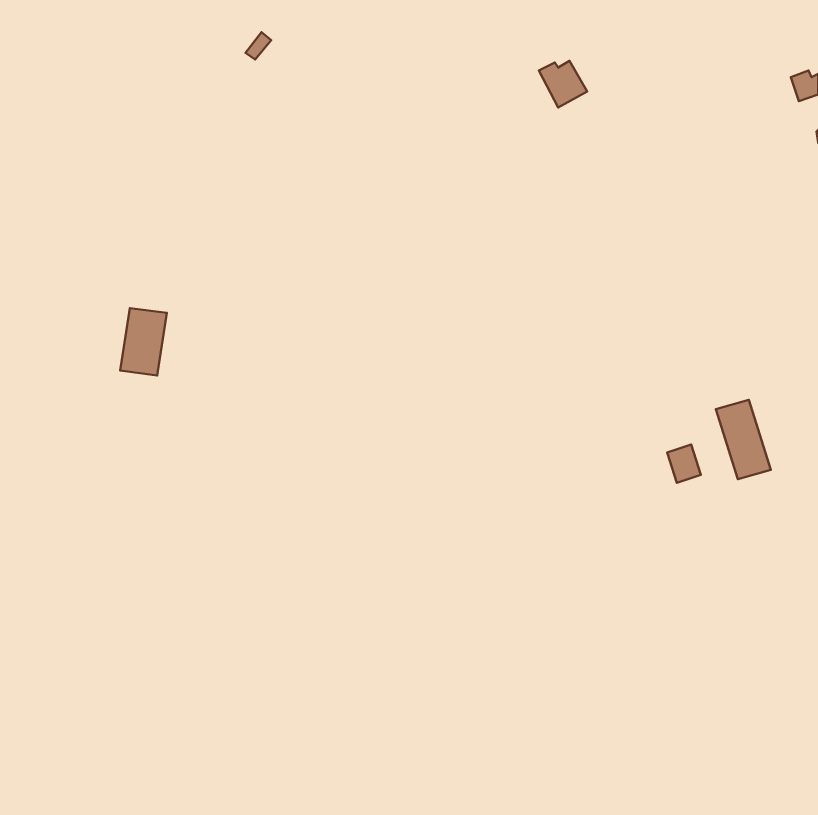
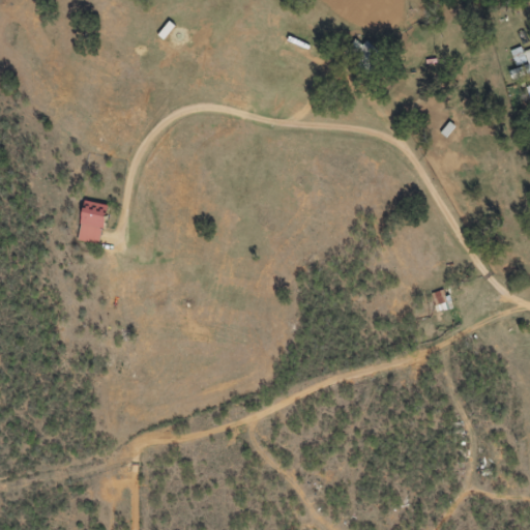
building: [716,400,771,479] -> none

